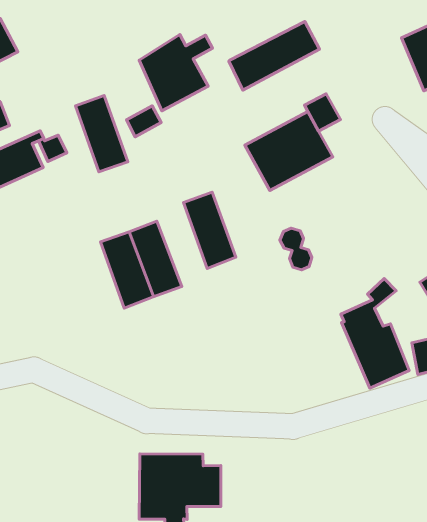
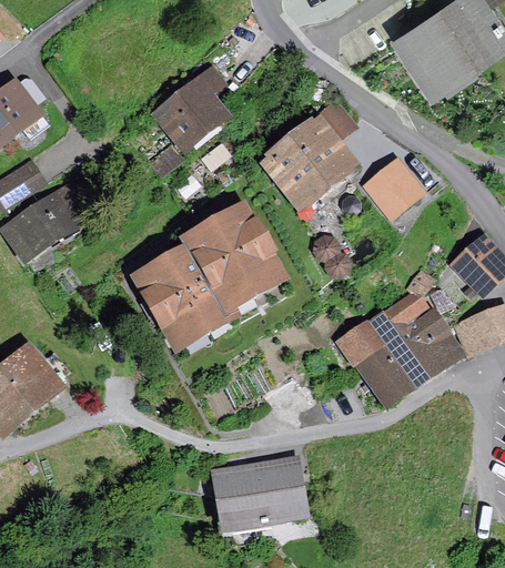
building: [229,21,320,90] -> none
building: [75,95,128,172] -> [192,232,251,305]
building: none -> [368,163,421,216]
building: none -> [339,320,425,402]

